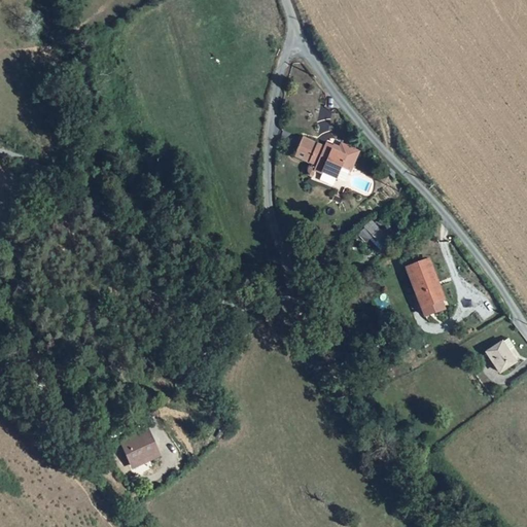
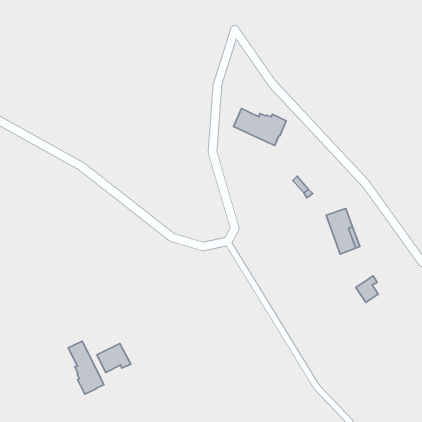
building: [486,337,514,370] -> [356,276,378,302]
building: none -> [68,341,104,394]

